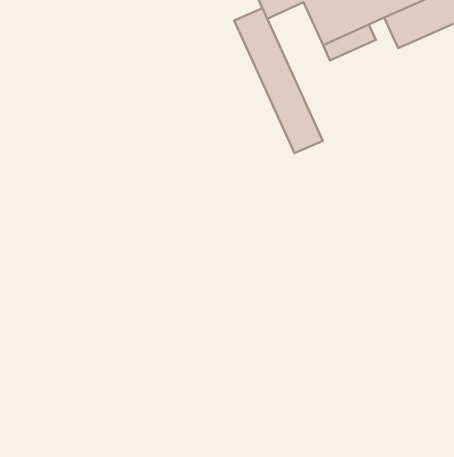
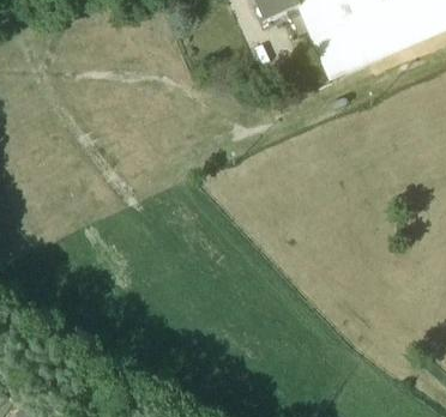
building: [234,8,323,153] -> none

